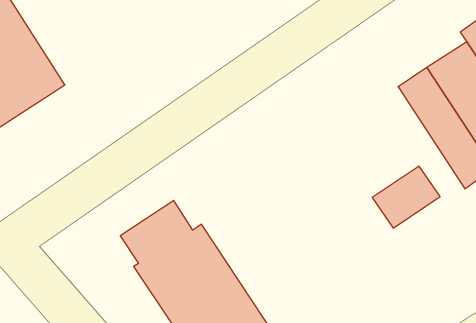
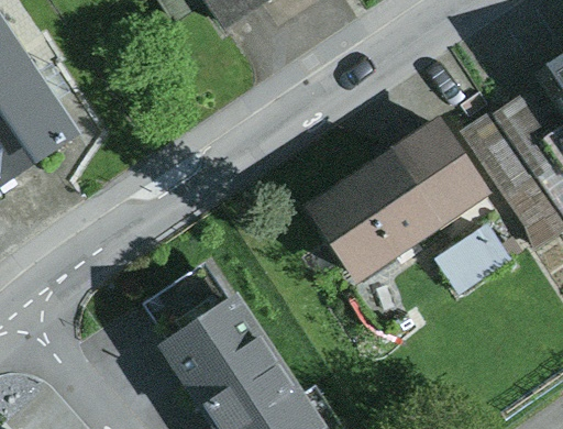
building: none -> [307,116,492,282]

